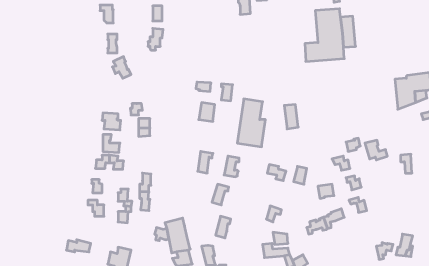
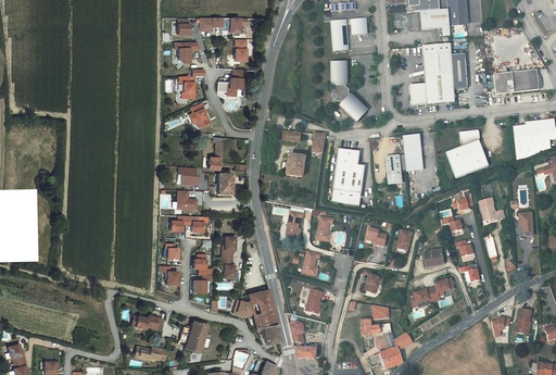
building: none -> [333,63,367,122]
building: none -> [494,71,540,96]
building: none -> [447,130,489,178]
building: none -> [403,134,425,172]

